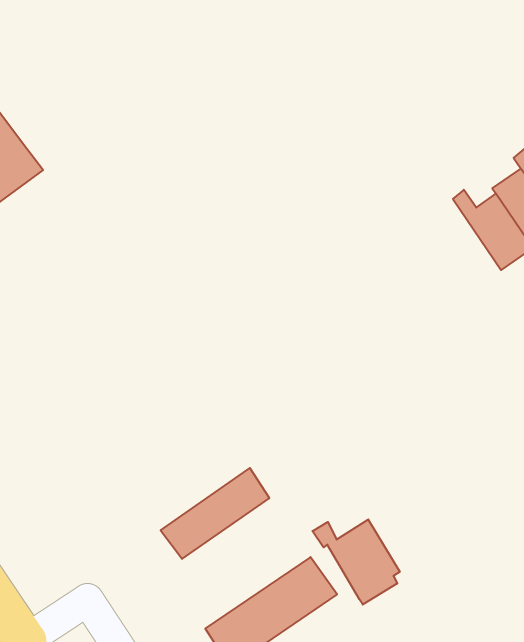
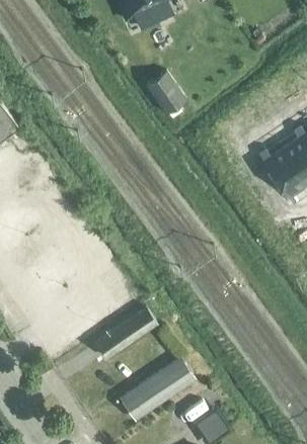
building: none -> [146,71,185,113]
building: [312,519,400,605] -> none

